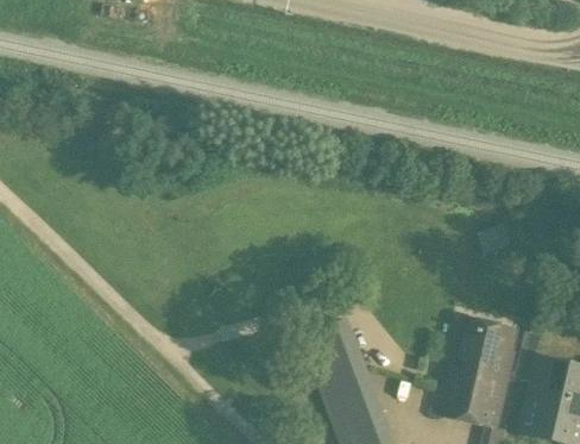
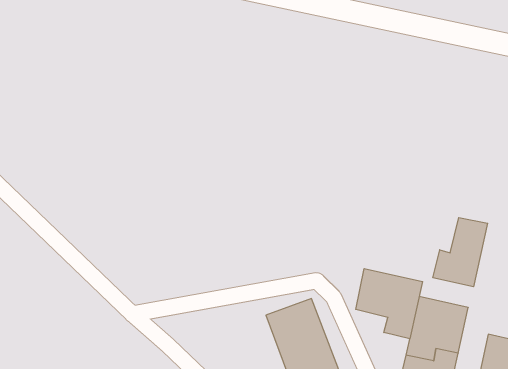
building: none -> [433,218,488,287]
building: none -> [356,269,423,339]

